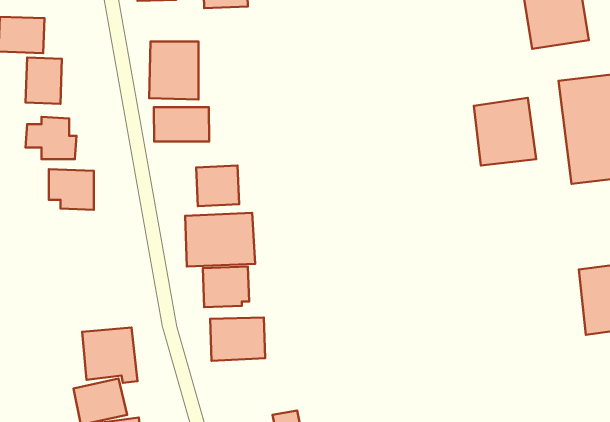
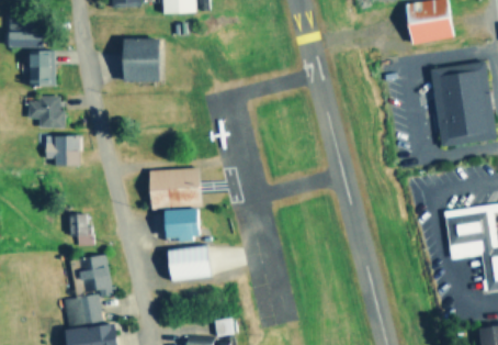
building: [474,98,536,165] -> none
building: [154,107,209,142] -> none
building: [196,166,239,206] -> none
building: none -> [70,214,95,246]

